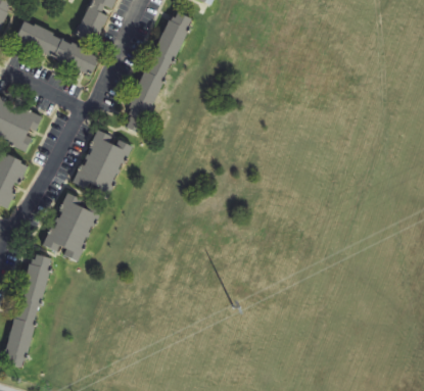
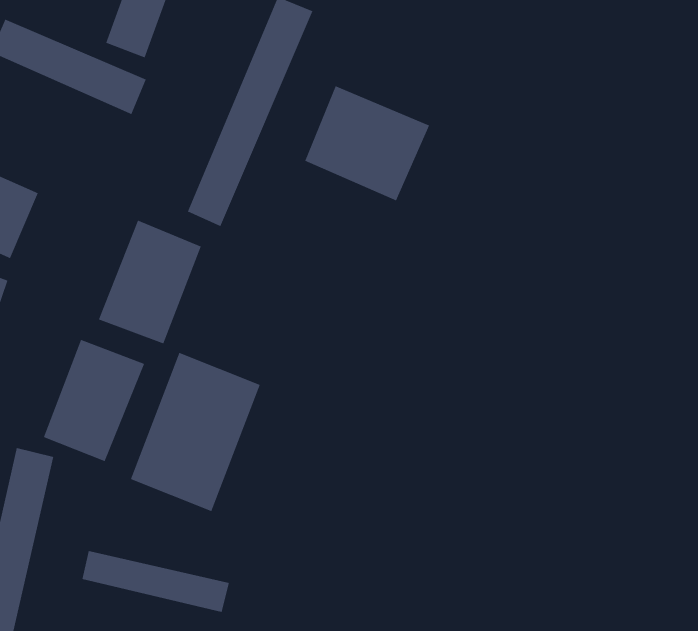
building: none -> [304,85,430,201]
building: none -> [130,352,261,512]
building: none -> [82,550,230,613]

